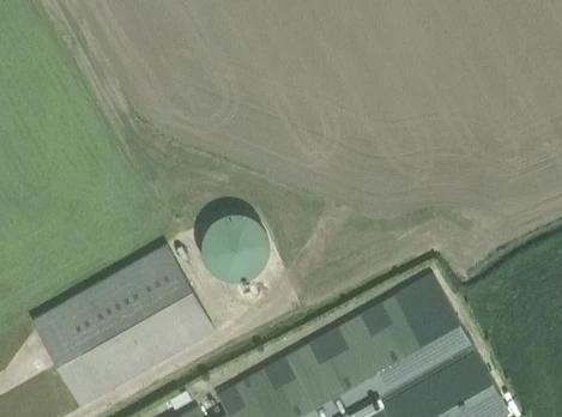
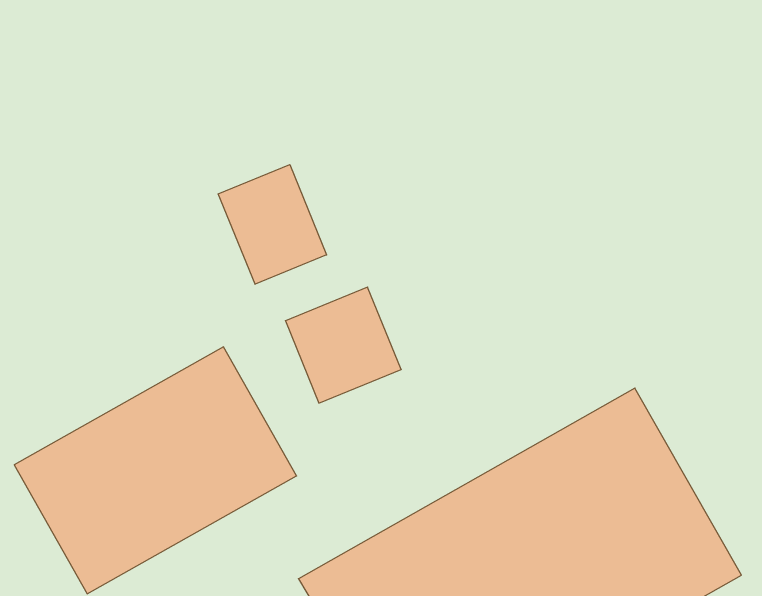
building: none -> [218,165,327,284]

